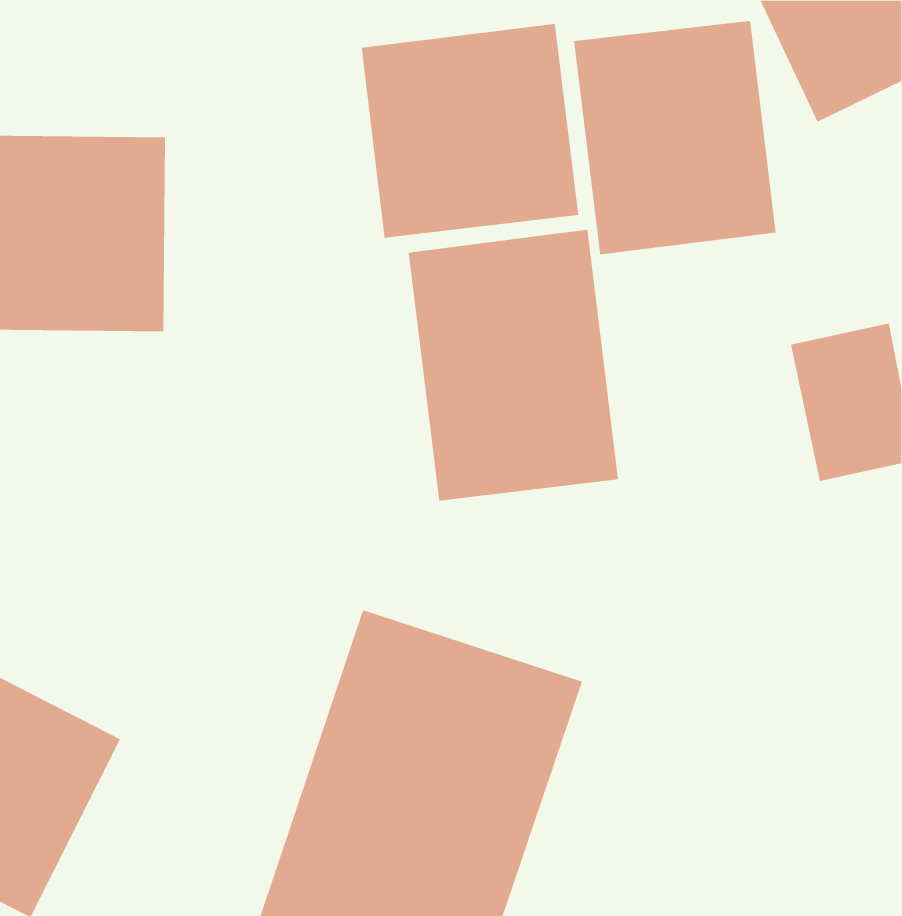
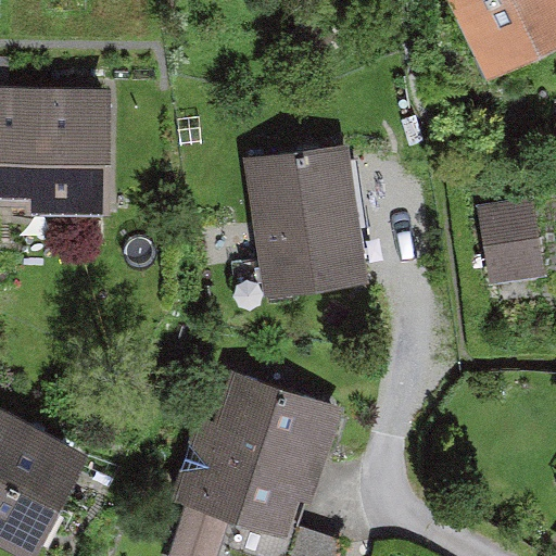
building: [574,20,776,255] -> none
building: [361,23,579,238] -> none

